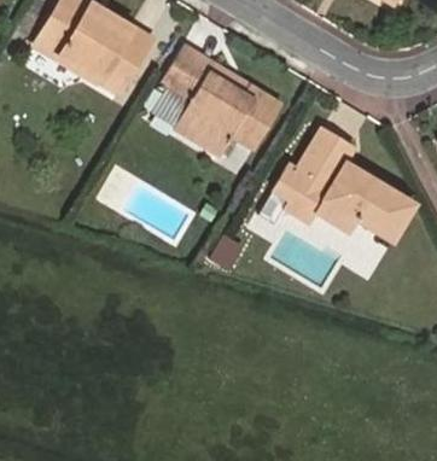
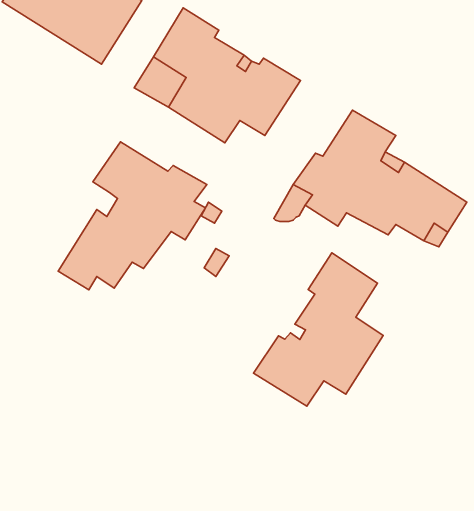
building: none -> [58,142,207,290]
building: none -> [254,253,383,406]

